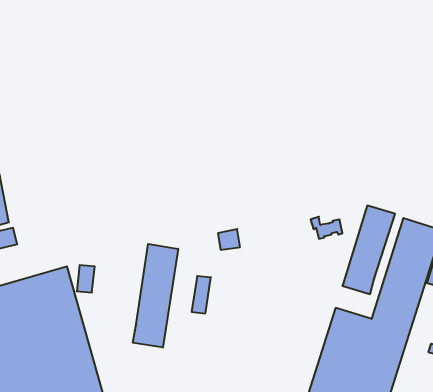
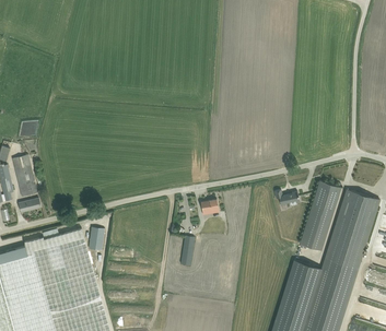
building: [133,244,178,348] -> none

